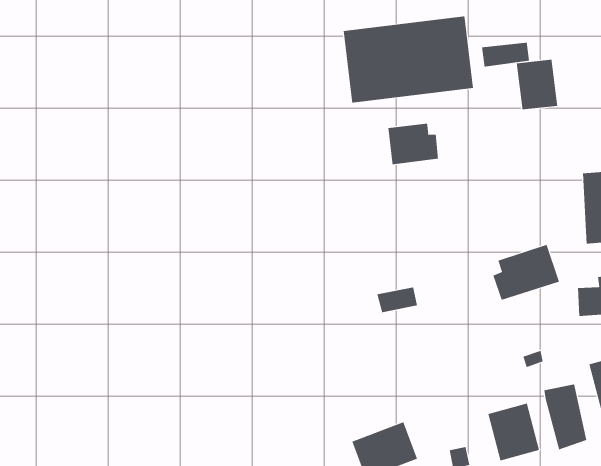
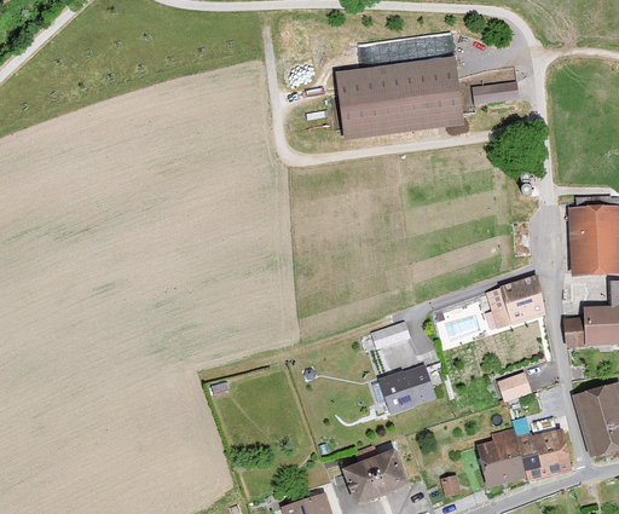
building: [516,59,558,110] -> none
building: [388,123,439,165] -> none
building: none -> [377,362,434,411]
building: none -> [515,427,544,477]

